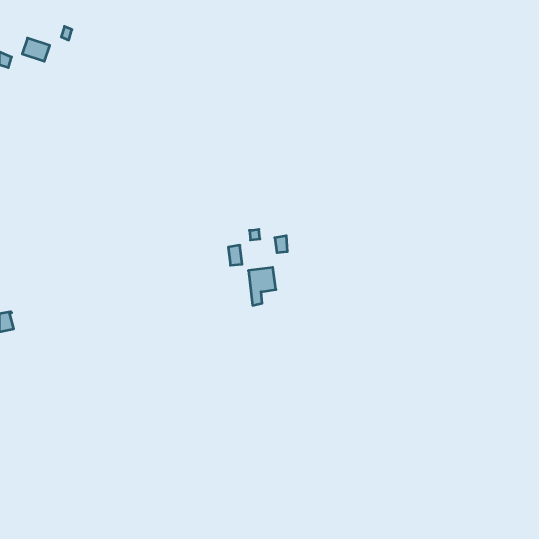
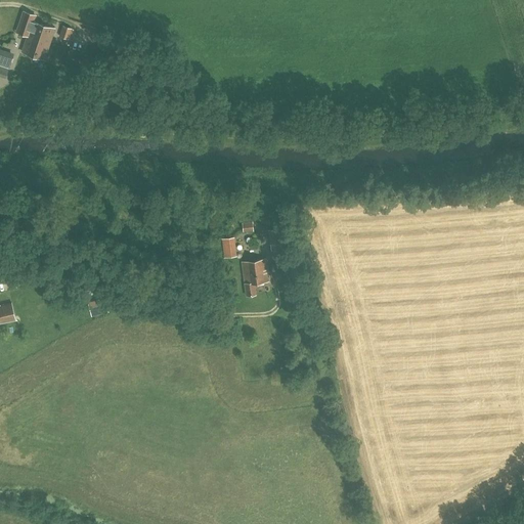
building: none -> [27,21,53,45]

